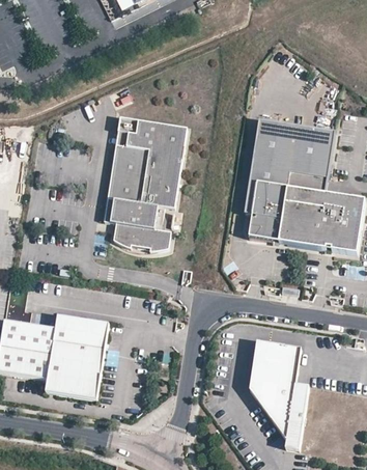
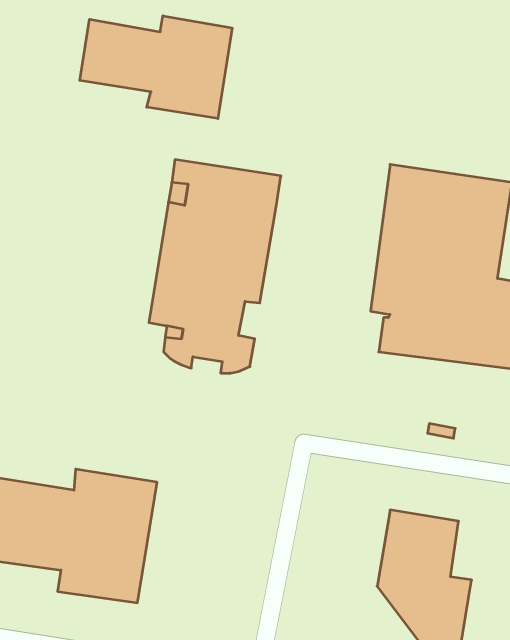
building: none -> [80,16,232,119]

